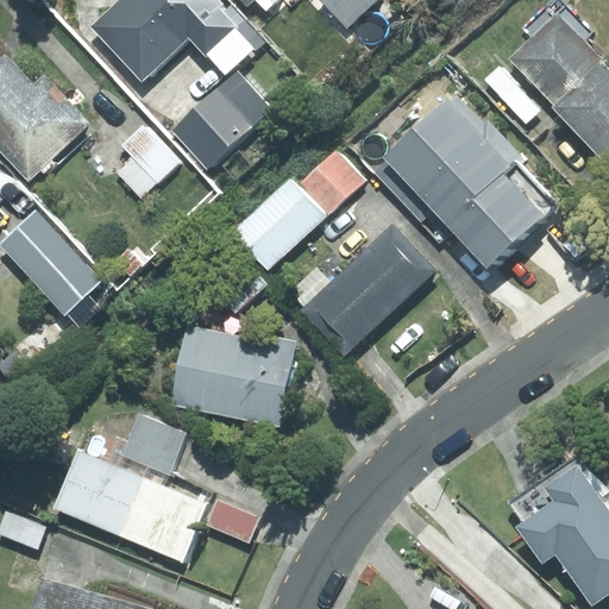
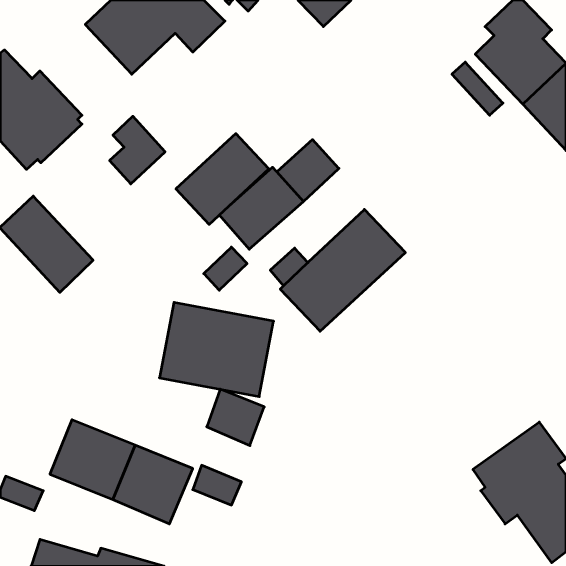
building: [171,71,271,169] -> [176,134,269,224]
building: [375,95,554,268] -> none
building: [124,414,186,475] -> [207,389,264,446]

